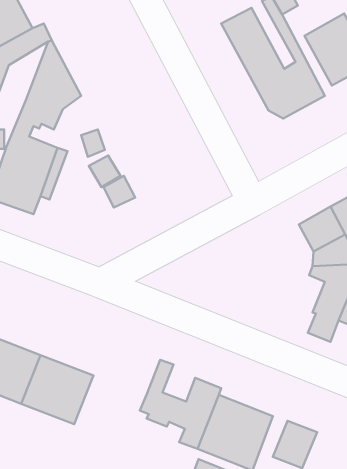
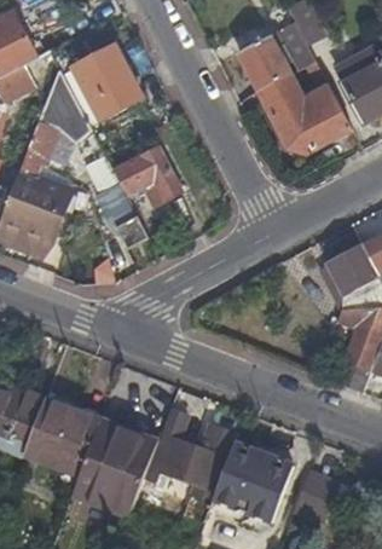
building: none -> [71,44,141,119]
building: none -> [114,146,181,198]
building: none -> [79,429,161,515]

